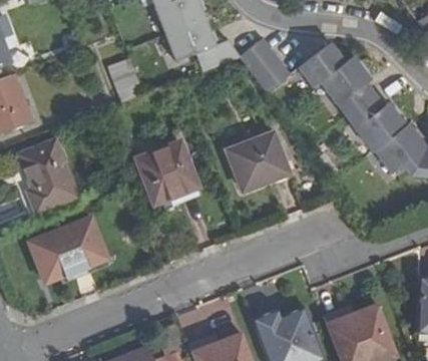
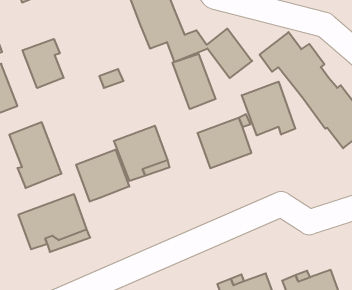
building: none -> [23,39,64,88]
building: none -> [173,54,216,109]
building: none -> [242,82,295,135]
building: none -> [76,150,129,202]

